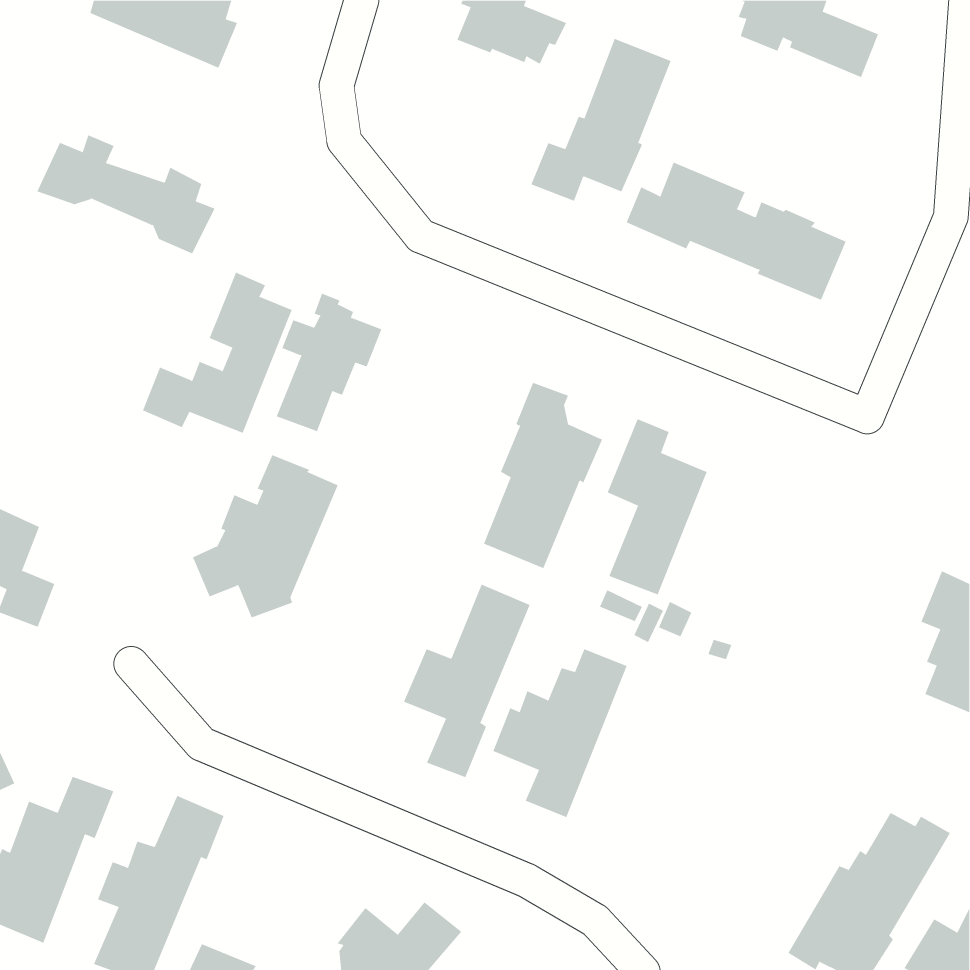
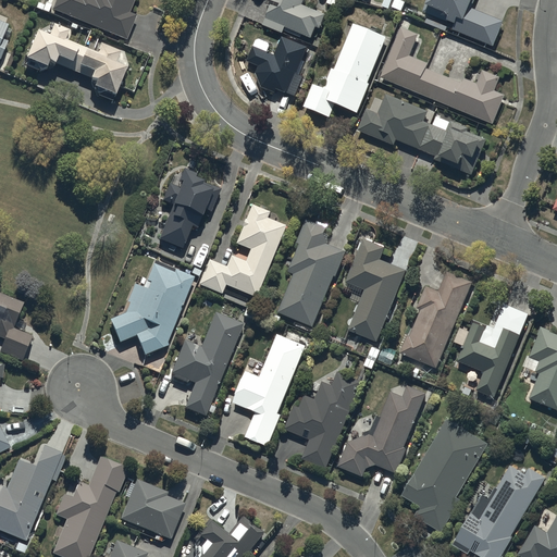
building: none -> [379,26,504,123]
building: none -> [246,37,306,95]
building: [37,134,215,254] -> [24,24,126,92]
building: [142,272,292,433] -> [199,206,285,298]
building: none -> [398,273,470,369]
building: none -> [453,302,527,397]
building: none -> [171,313,243,417]
building: none -> [336,386,424,476]
building: none -> [400,420,486,533]
building: none -> [120,480,185,542]

